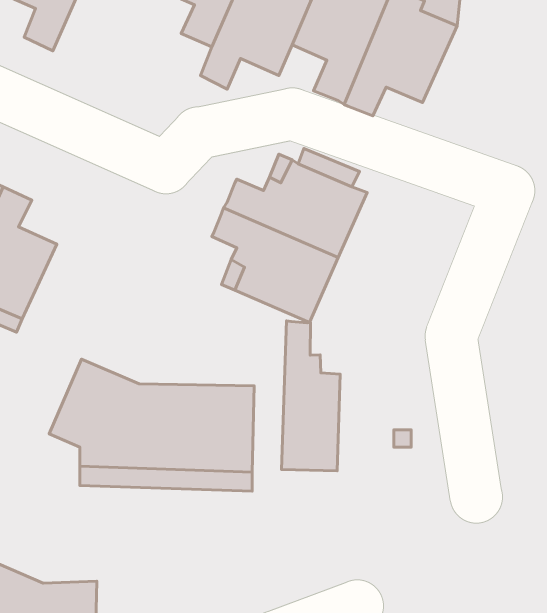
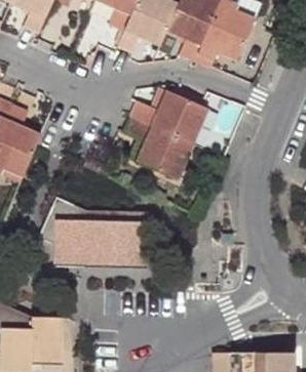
building: [281,321,340,471] -> none

